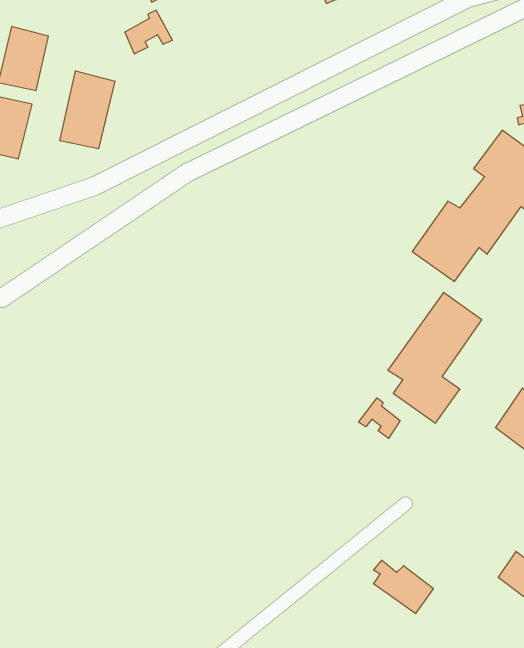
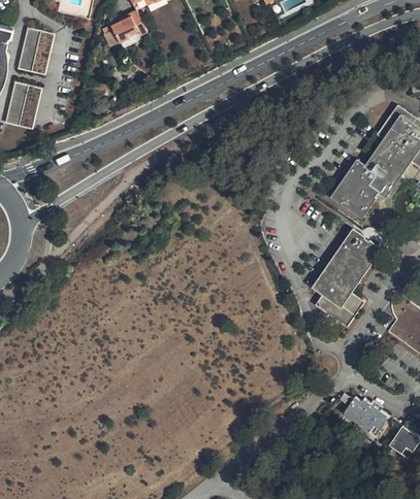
building: [60,71,115,149] -> none
building: [358,398,400,438] -> none
building: [373,560,433,613] -> [348,395,393,435]

